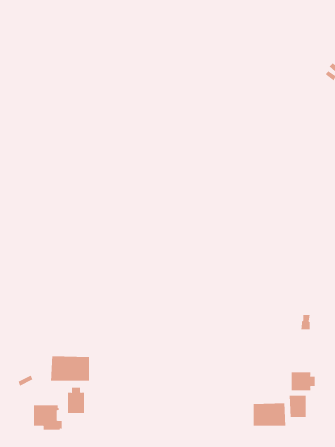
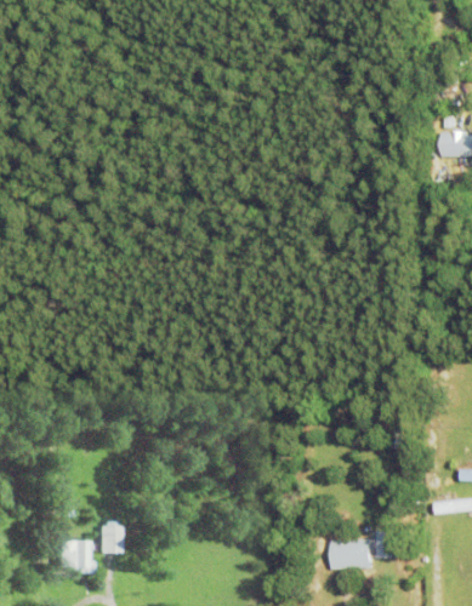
building: [51,355,89,382] -> none
building: [291,372,315,391] -> none

